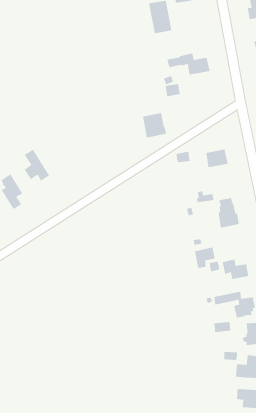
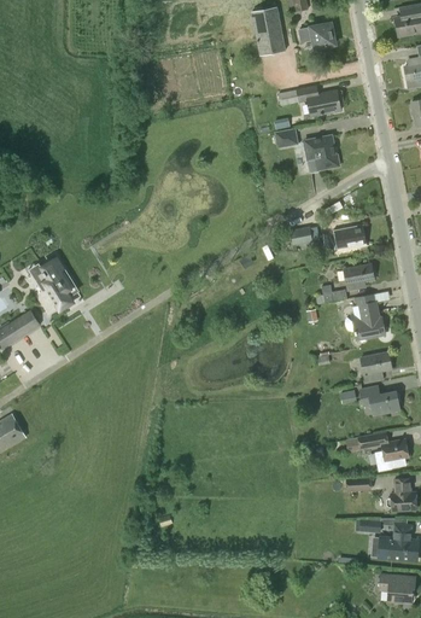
building: none -> [298,22,335,48]
building: [142,112,167,138] -> [304,134,340,171]
building: [24,149,50,182] -> none
building: none -> [343,263,374,290]
building: [194,247,216,268] -> [359,351,391,383]

